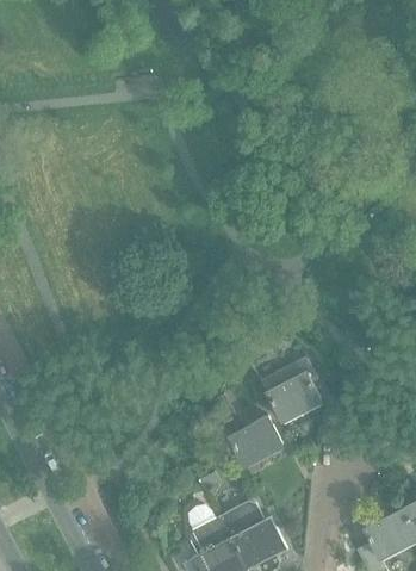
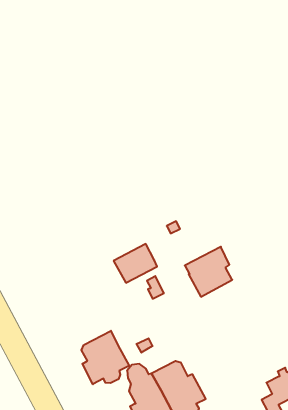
building: [226,417,281,466] -> [114,244,157,283]
building: none -> [81,331,129,384]

